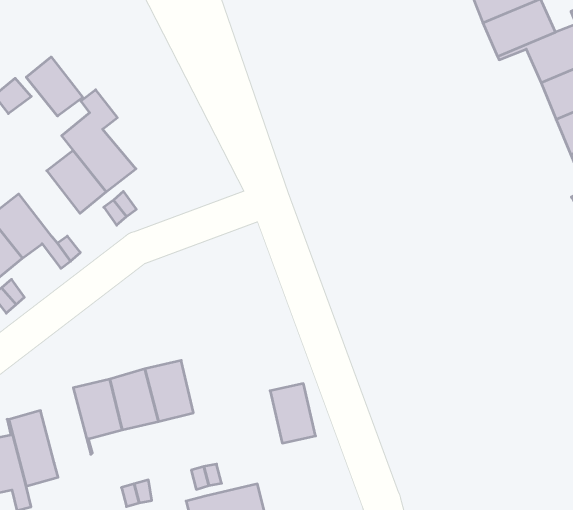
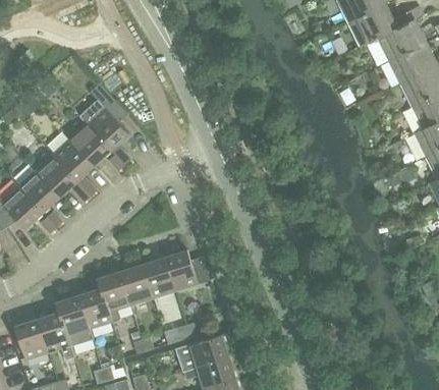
building: [26,57,83,116] -> none
building: none -> [53,138,94,181]
building: [270,384,316,443] -> [166,250,198,290]
building: none -> [76,279,111,329]

